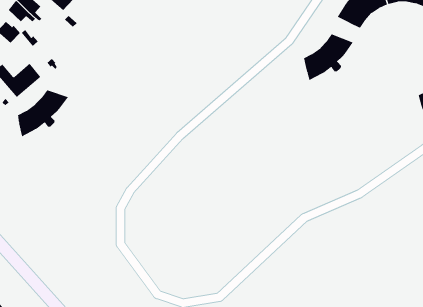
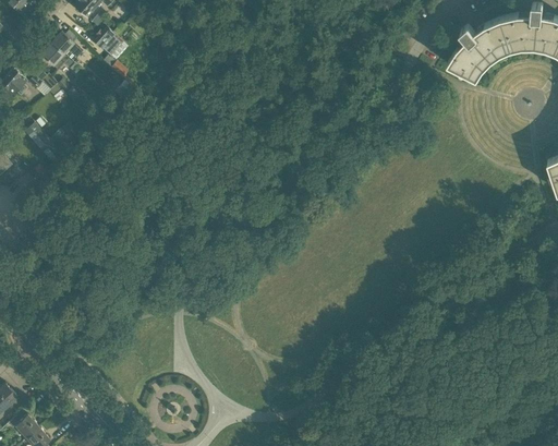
building: [303,34,354,81] -> none
building: [17,90,69,137] -> none

